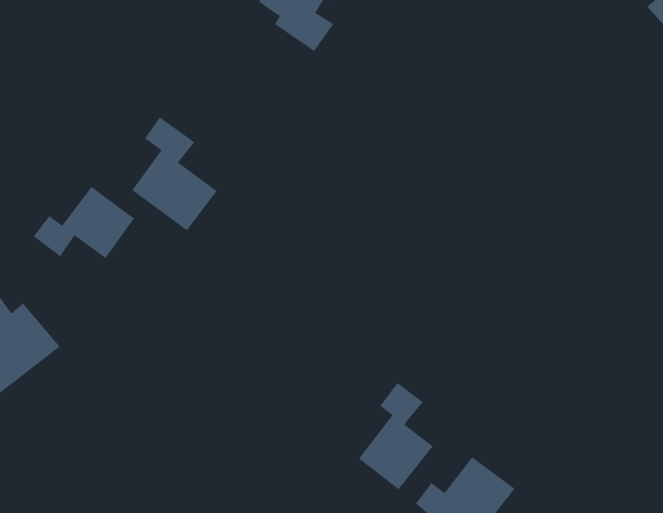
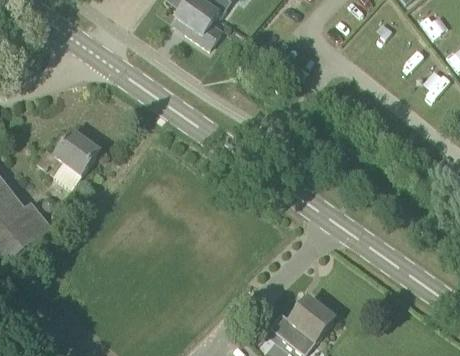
building: [132,116,218,231] -> none
building: [358,382,433,490] -> none

